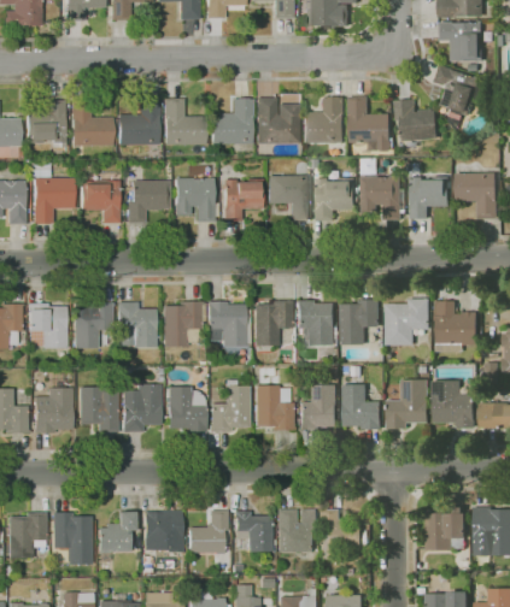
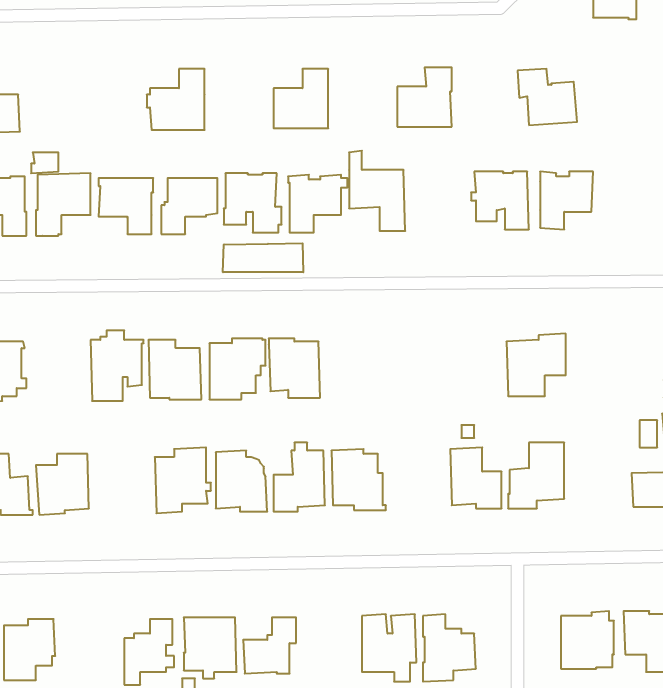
building: [435,64,486,131] -> none
building: [257,96,299,143] -> none
building: [350,96,391,151] -> none
building: [164,99,206,145] -> none
building: [25,100,66,147] -> none
building: [71,100,116,146] -> none
building: [457,172,498,218] -> none
building: [316,177,358,220] -> none
building: none -> [223,243,303,272]
building: [341,299,380,344] -> none
building: [253,300,292,346] -> none
building: [297,300,335,346] -> none
building: [435,300,479,352] -> none
building: [28,302,66,348] -> none
building: [434,379,476,428] -> none
building: [299,384,338,429] -> none
building: [78,387,118,432] -> none
building: [234,511,271,552] -> none
building: [51,512,92,558] -> none

